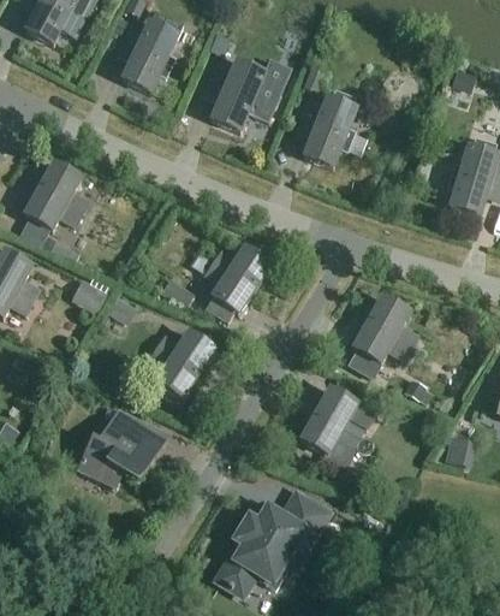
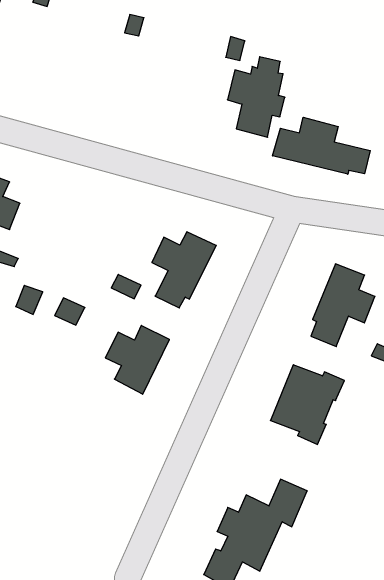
building: [119,19,177,89] -> none
building: [207,59,284,129] -> none
building: none -> [273,117,370,174]
building: [78,416,156,484] -> none

